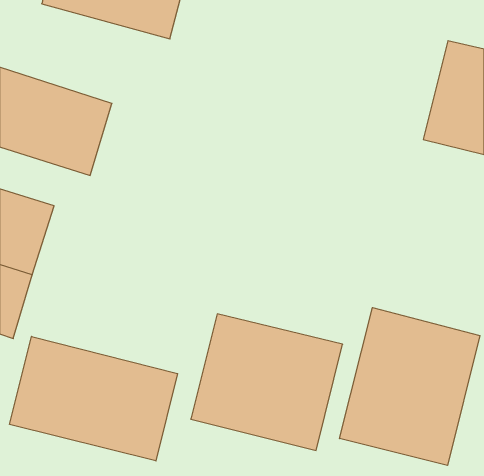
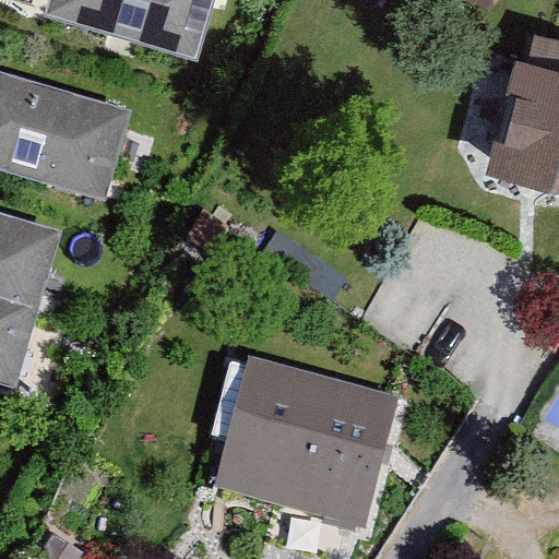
building: [340,308,480,465] -> none
building: [10,336,178,461] -> none

